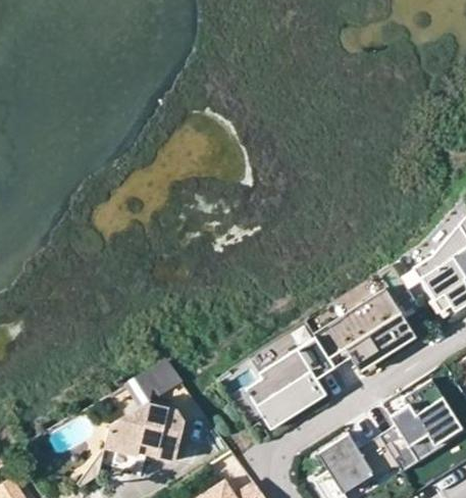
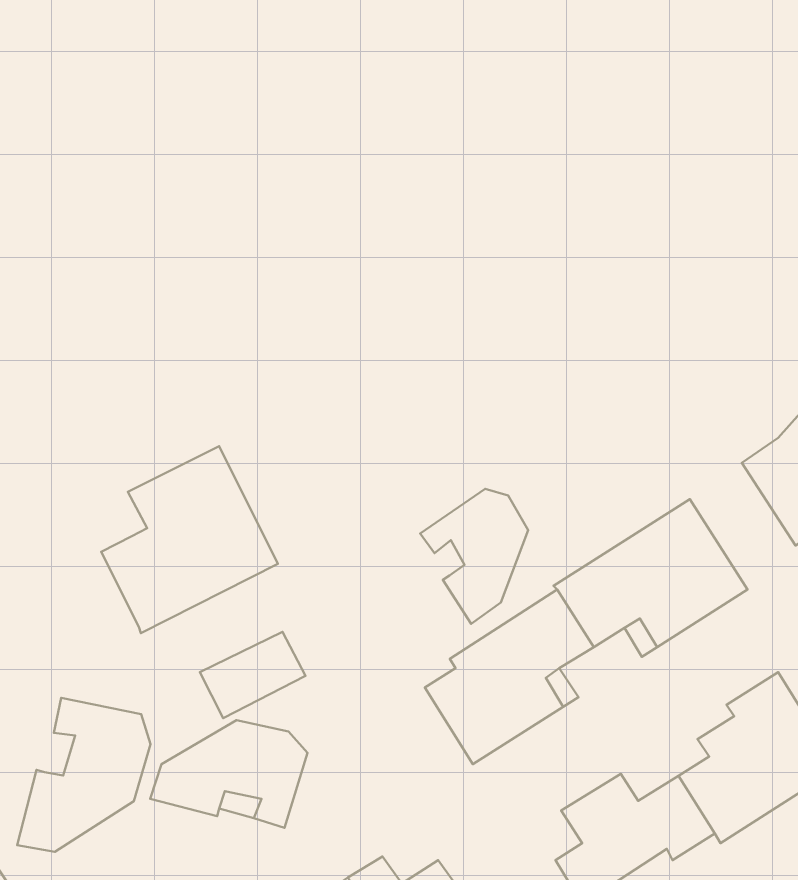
building: none -> [101,446,278,633]
building: none -> [420,489,528,624]
building: none -> [17,698,151,852]

